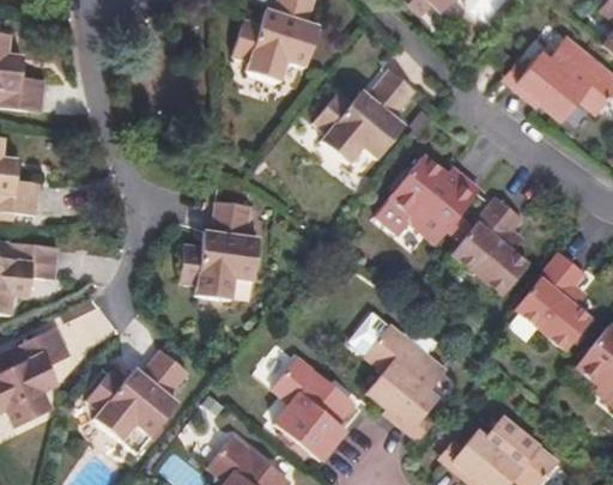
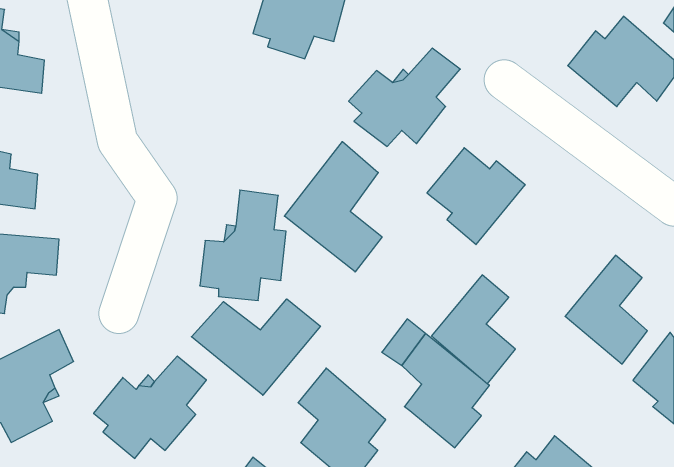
building: none -> [284,142,382,272]
building: [450,200,526,298] -> [432,275,515,384]
building: none -> [191,299,320,395]

